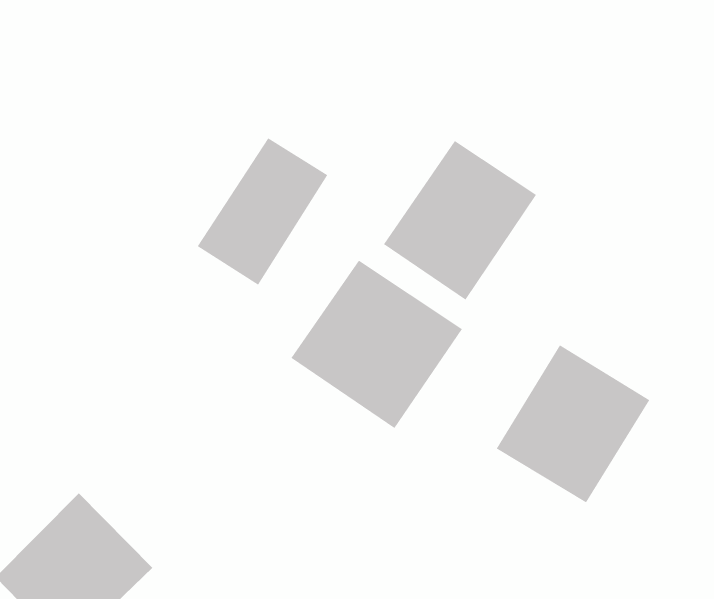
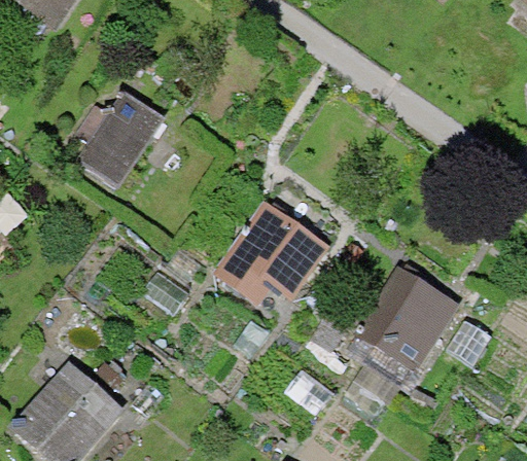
building: [197,137,328,285] -> [77,84,167,185]
building: [383,140,537,300] -> none

